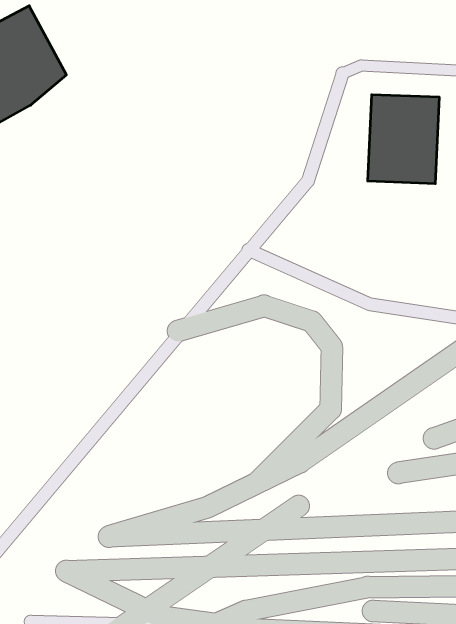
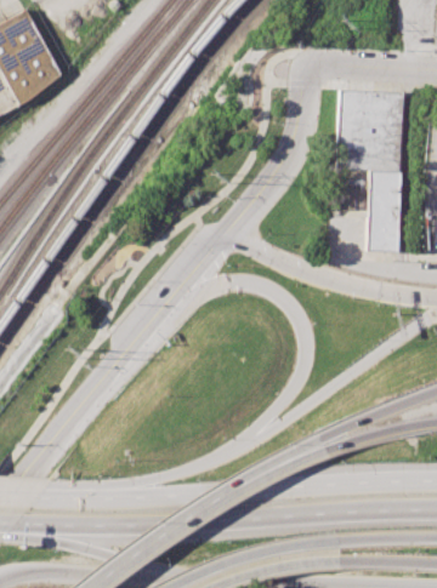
building: none -> [368,171,401,251]

